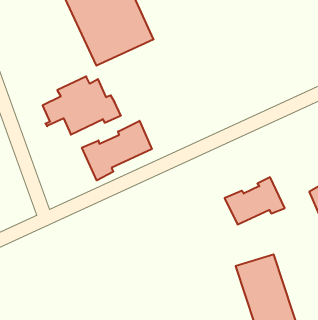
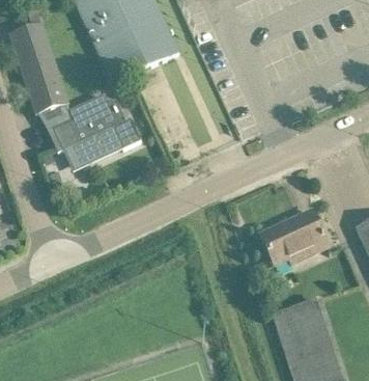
building: none -> [9,22,67,111]
building: [82,121,152,180] -> none

